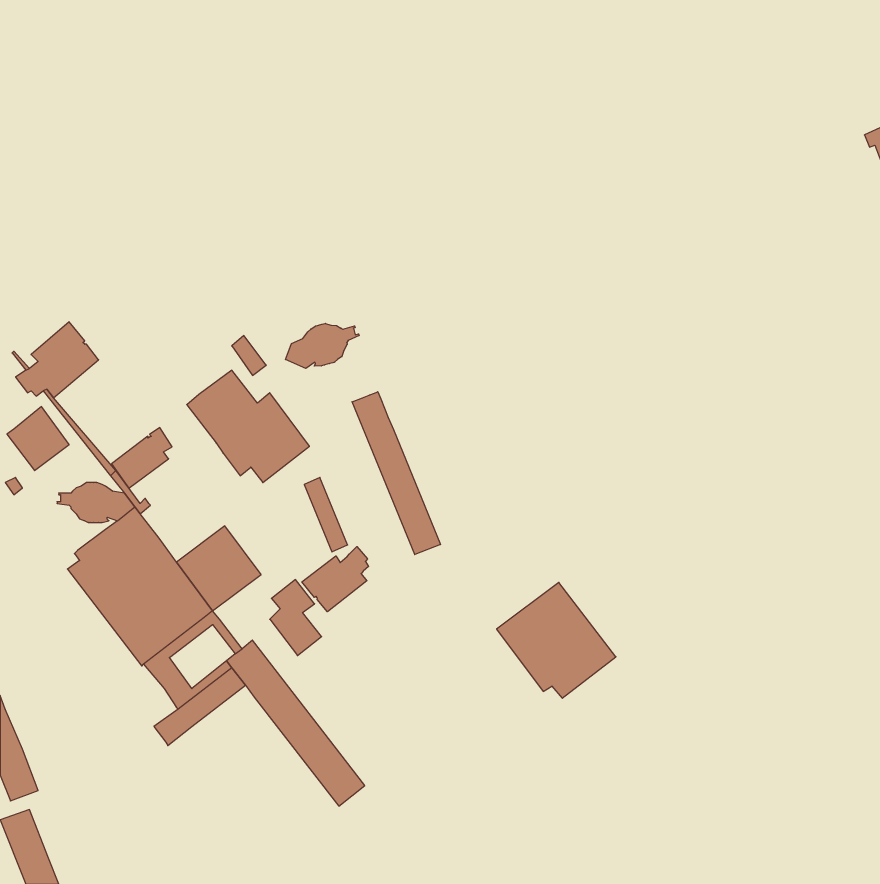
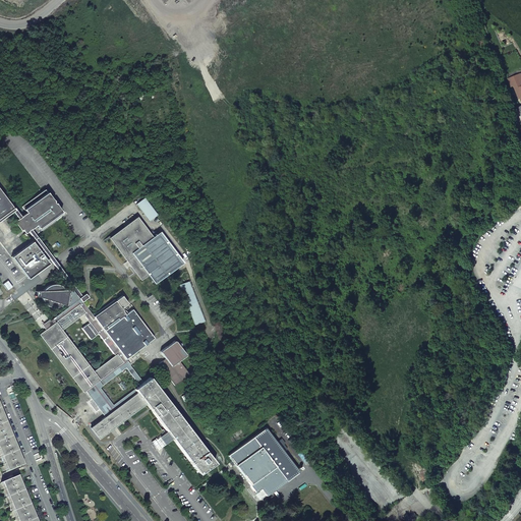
building: [286,323,359,368] -> none
building: [352,392,440,555] -> none
building: [112,428,172,488] -> [96,295,131,331]
building: [302,547,369,612] -> none
building: [497,582,616,698] -> [230,427,300,496]

